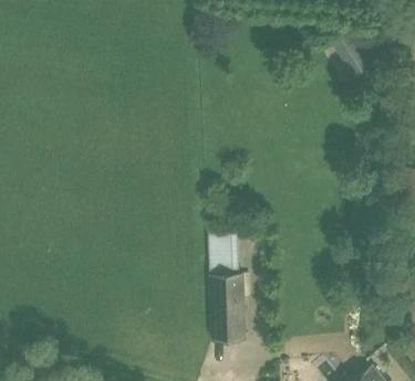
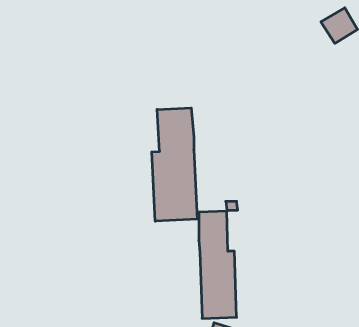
building: none -> [152,108,197,221]

